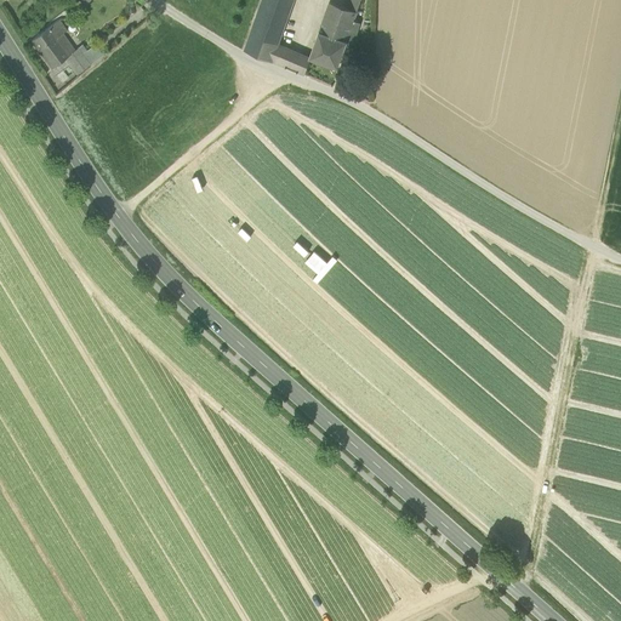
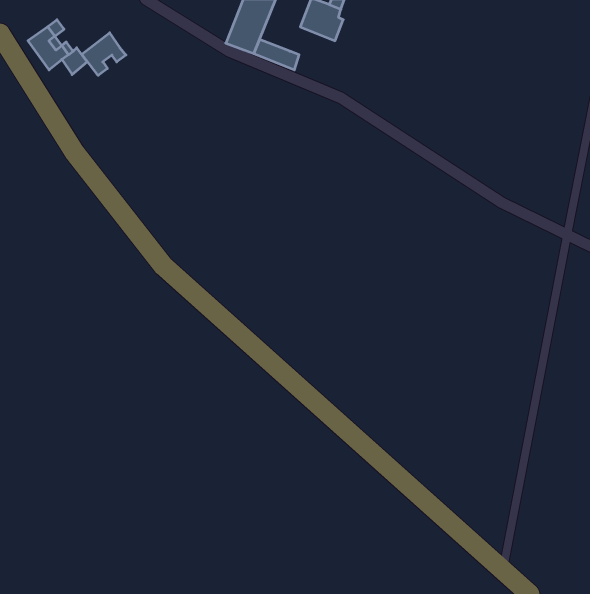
building: [307,28,354,65] -> none
building: none -> [82,33,126,75]

